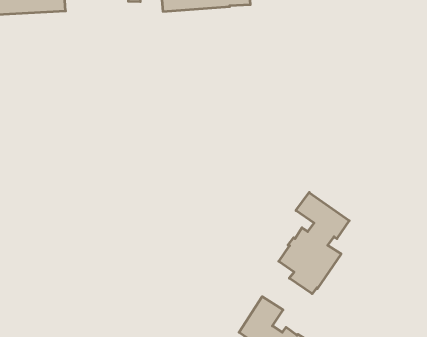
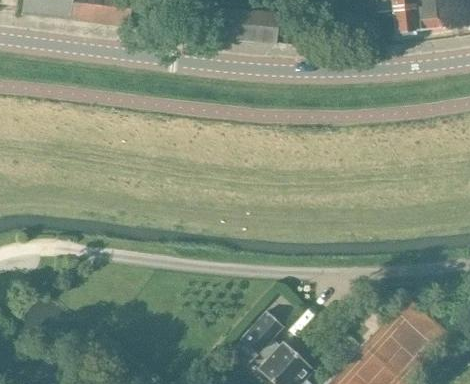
building: [279,192,349,294] -> none

